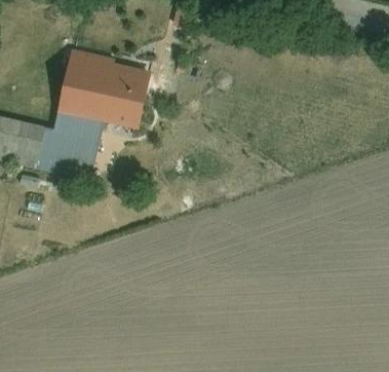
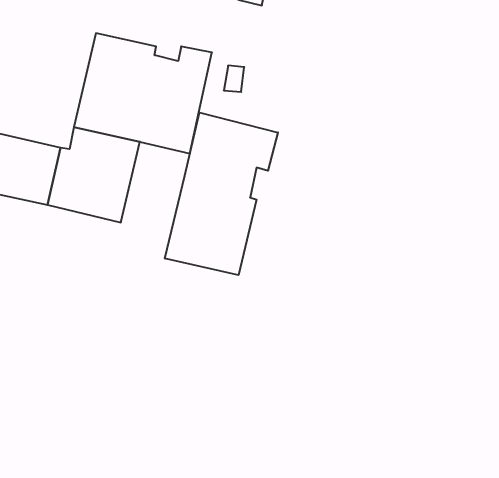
building: none -> [165,113,278,275]

